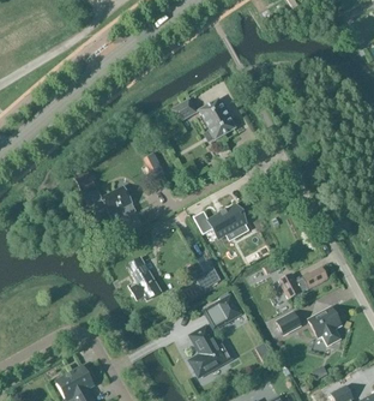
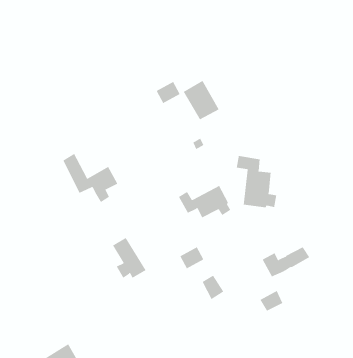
building: none -> [236,155,277,208]
building: [309,306,343,343] -> none
building: [191,327,231,375] -> none

